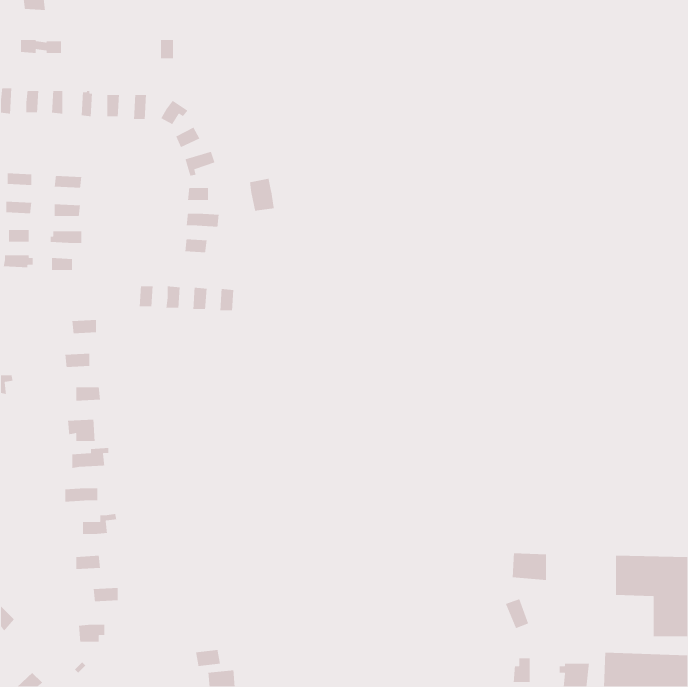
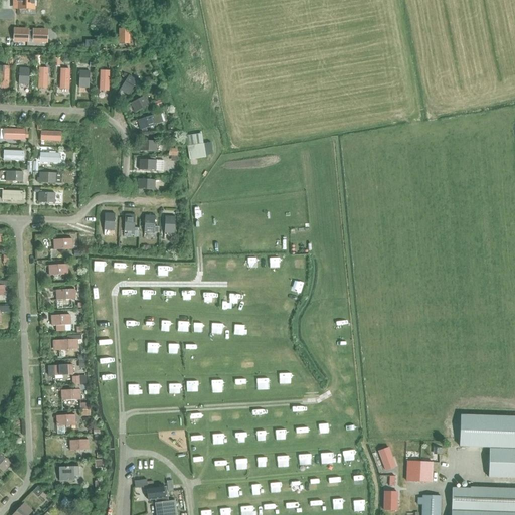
building: [512,552,547,581] -> [406,461,433,482]

